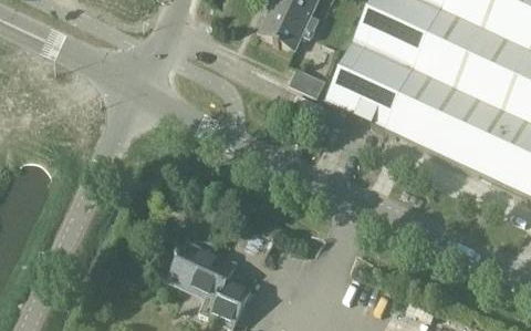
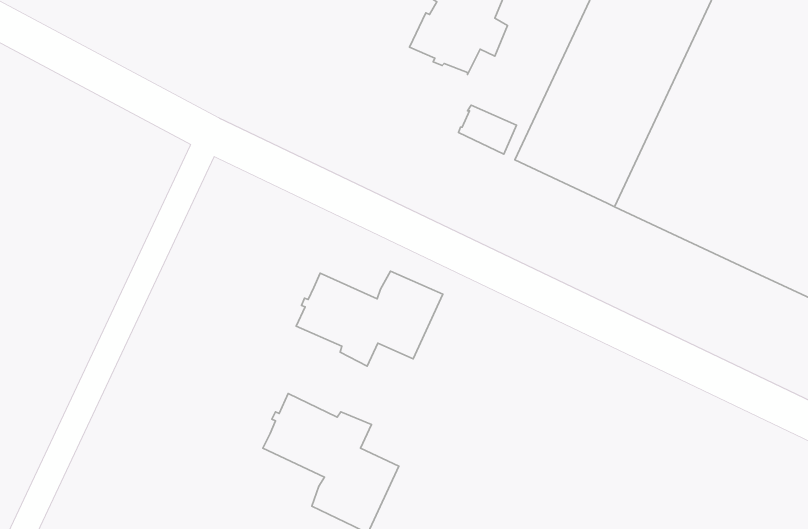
building: none -> [296,271,443,366]

